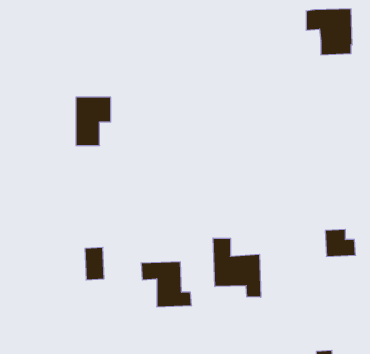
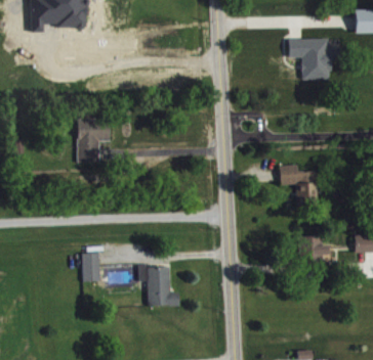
building: none -> [280,164,317,205]
building: [213,238,261,297] -> none

